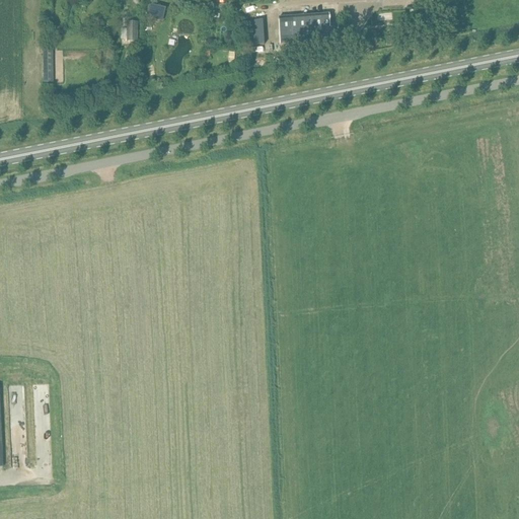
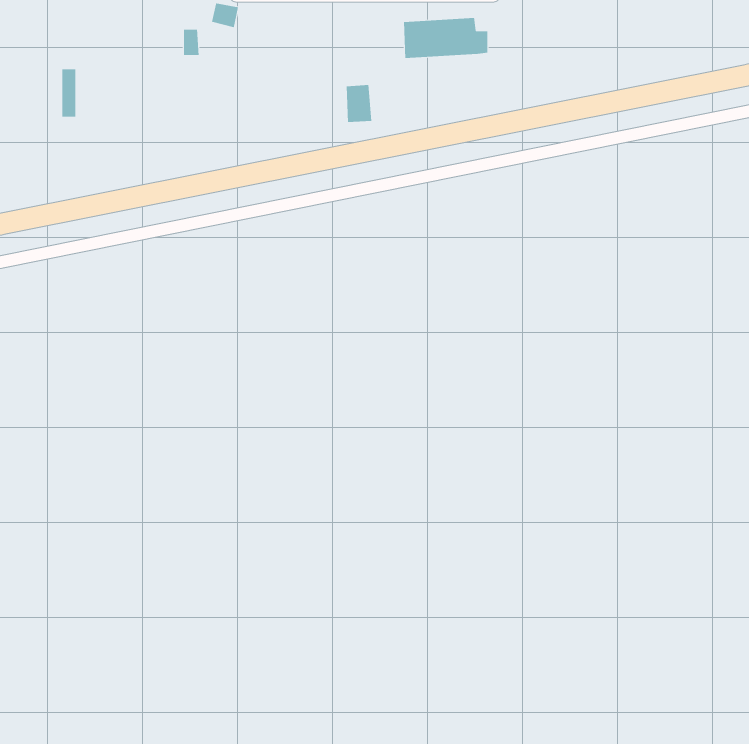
building: [246,17,265,44] -> [346,85,372,123]

